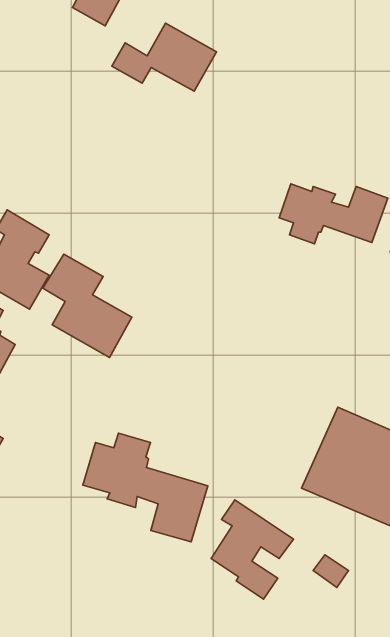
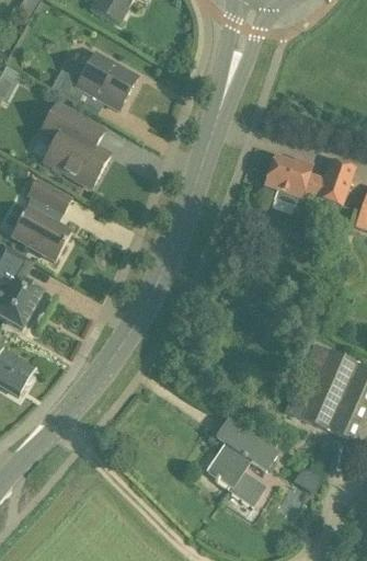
building: [112,23,217,91] -> [49,51,137,108]
building: [43,254,132,358] -> [35,100,110,186]
building: [83,433,208,542] -> none

